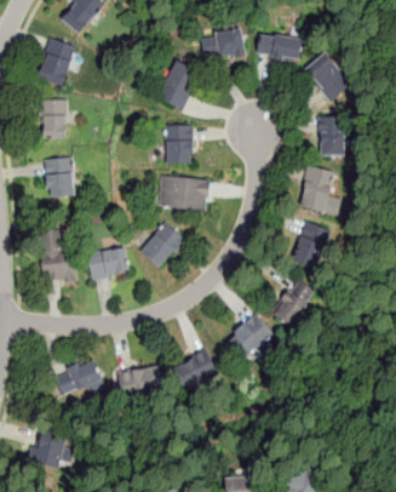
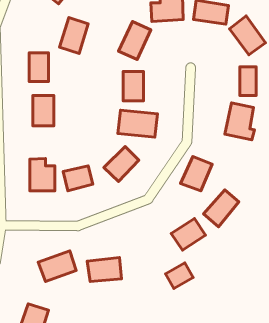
building: [38,38,75,85] -> [60,17,88,54]
building: [291,224,332,269] -> [181,157,212,191]
building: [174,354,211,388] -> [165,263,193,289]

